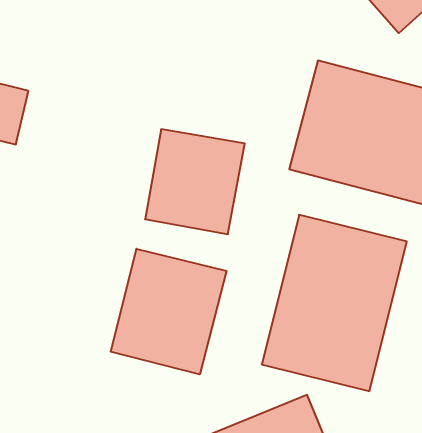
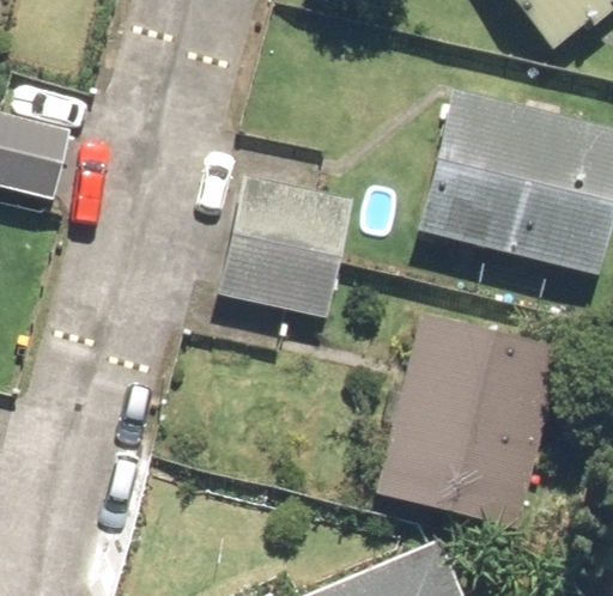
building: [111,249,227,374] -> none

